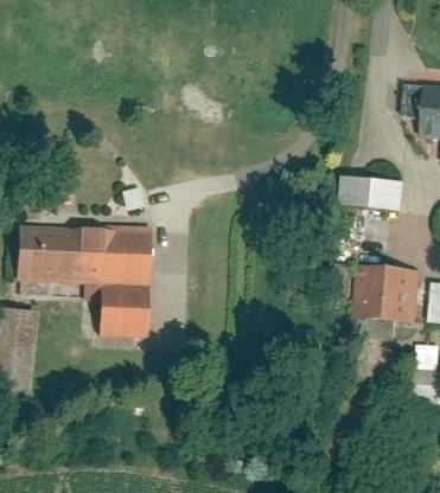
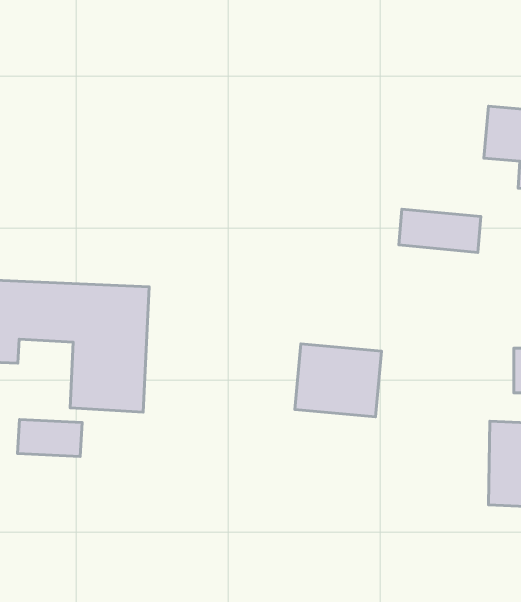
building: [355,264,423,322] -> [295,344,381,417]
building: none -> [17,420,82,457]

